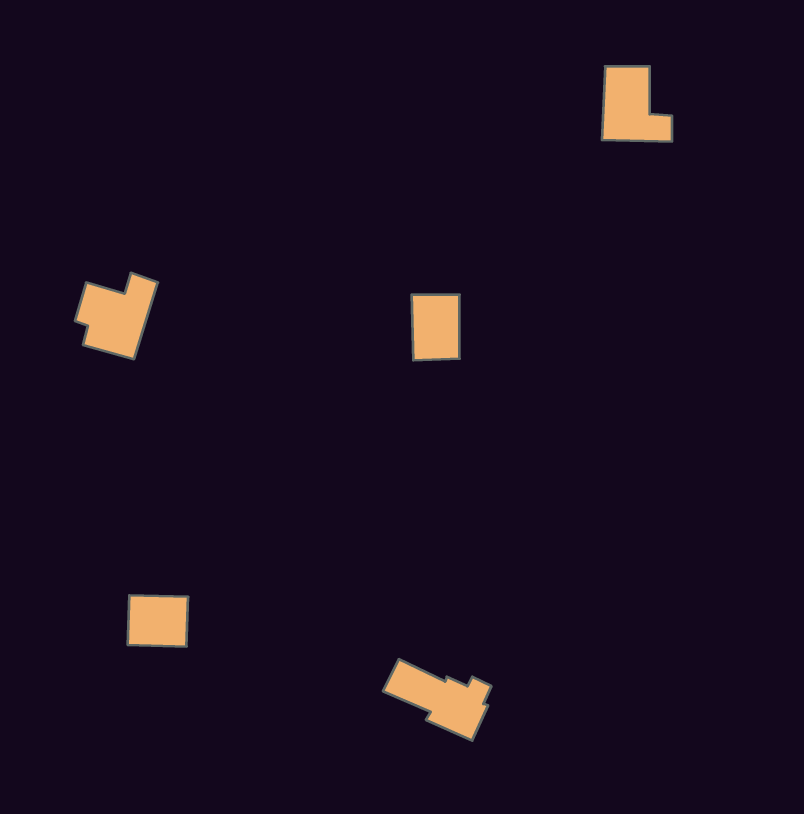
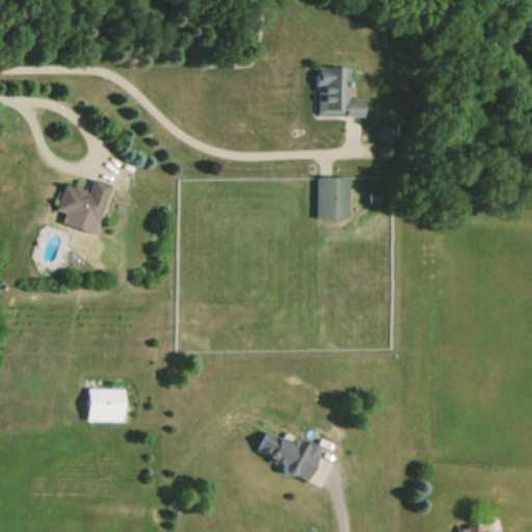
building: [602,66,672,141] -> [316,68,362,116]
building: [412,295,460,360] -> [319,178,350,220]

